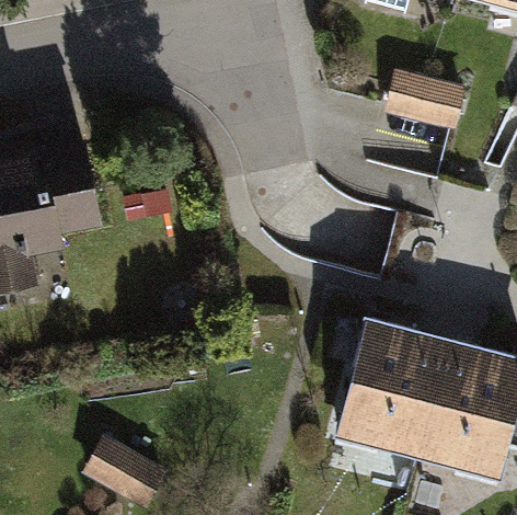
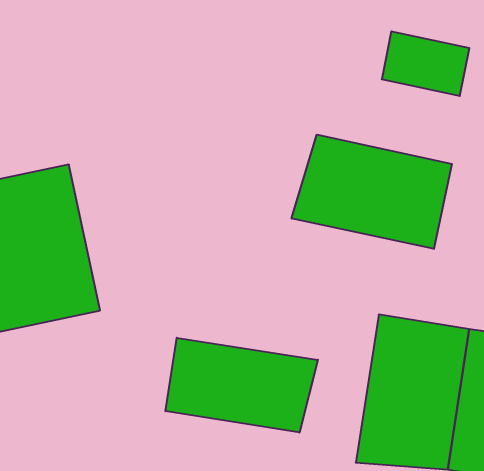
building: none -> [292,135,452,249]
building: none -> [166,338,318,433]

